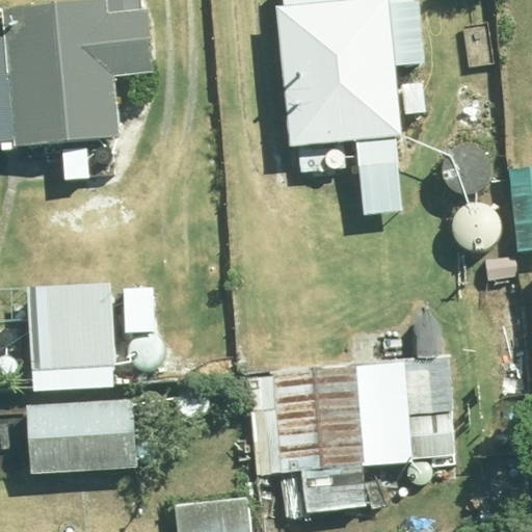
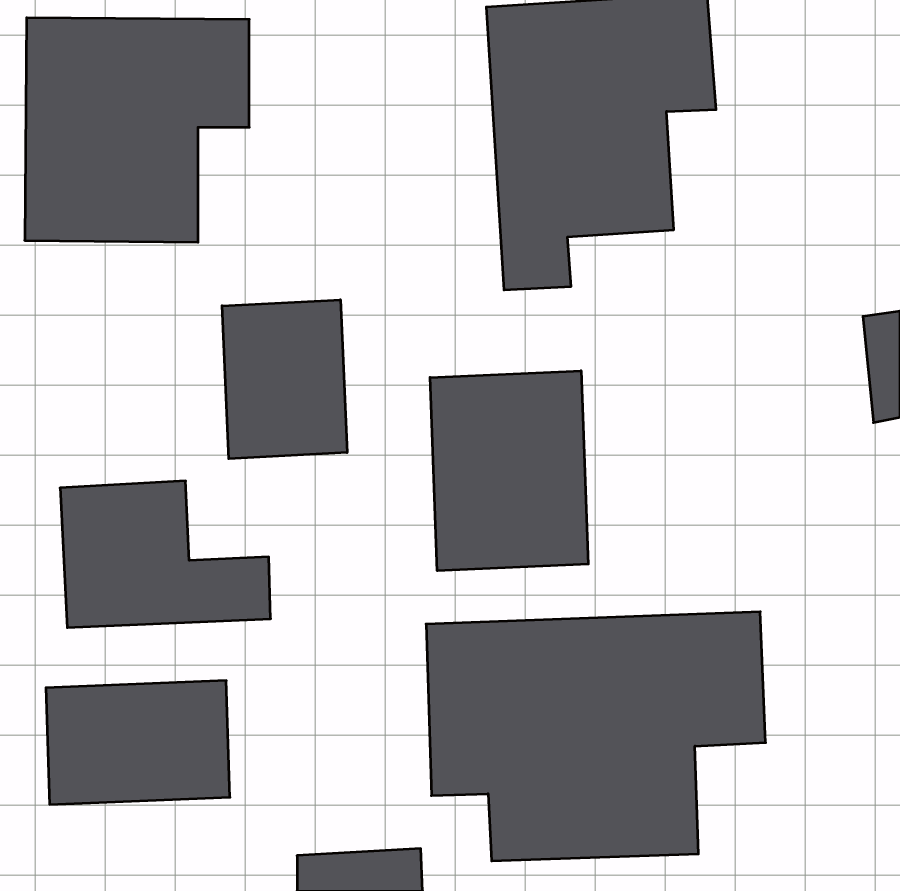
building: none -> [222,300,347,459]
building: none -> [430,371,588,571]

